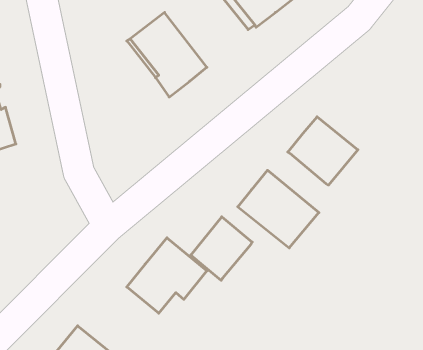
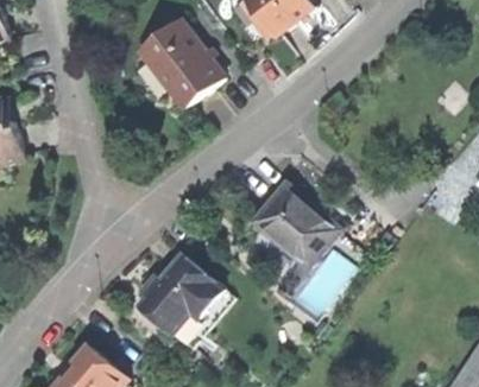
building: [288,117,358,185] -> none
building: [191,217,252,280] -> none

